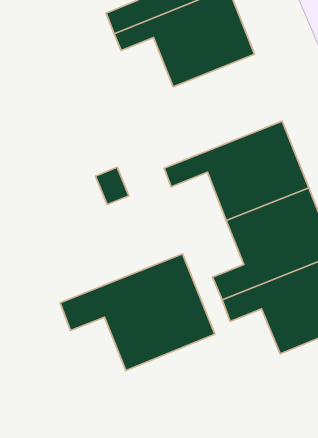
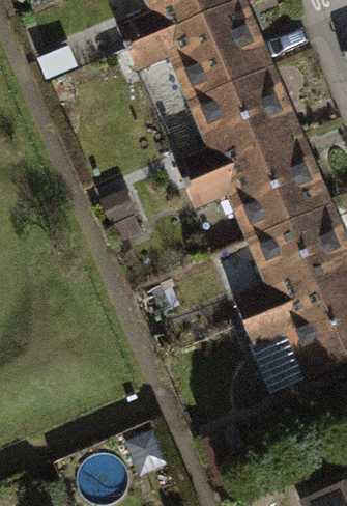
building: none -> [172,72,305,192]
building: [60,254,215,370] -> none

